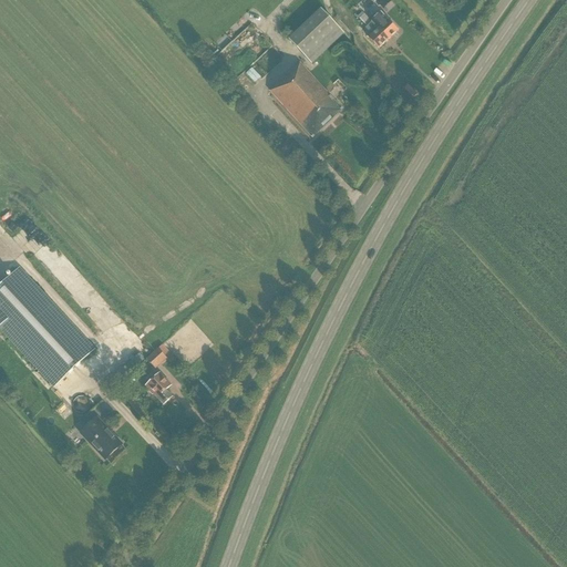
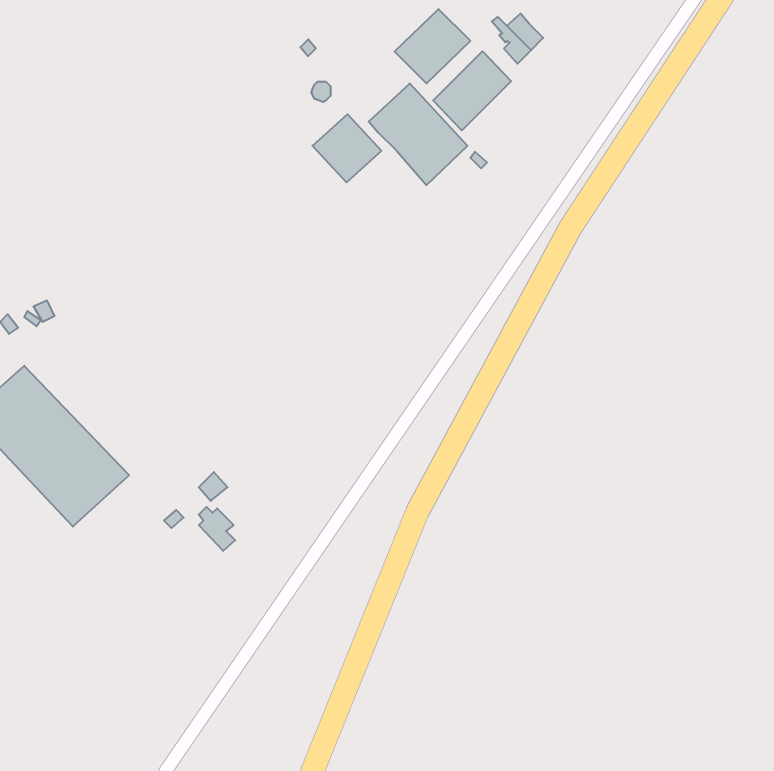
building: none -> [433,51,511,130]
building: none -> [312,114,381,182]
building: [81,415,118,454] -> none

